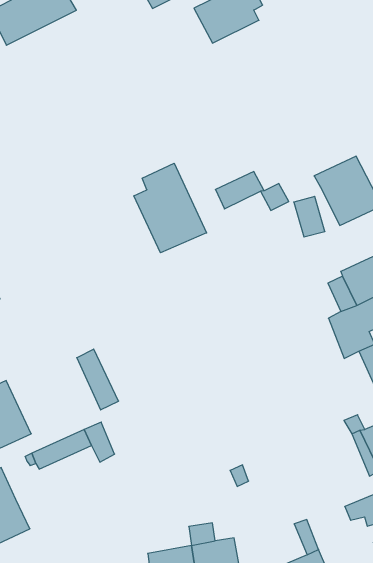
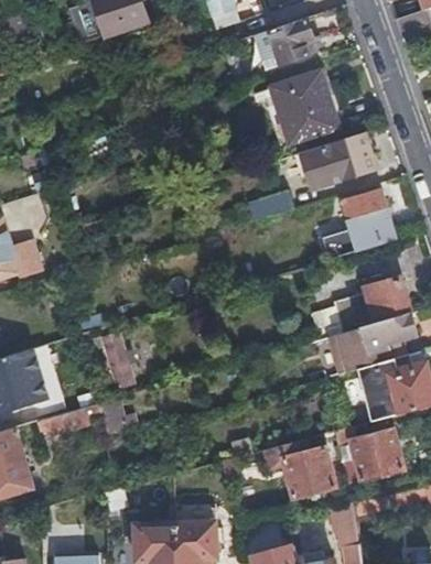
building: none -> [270,74,336,143]
building: none -> [299,133,377,185]
building: [134,163,207,253] -> none
building: none -> [263,437,337,496]

